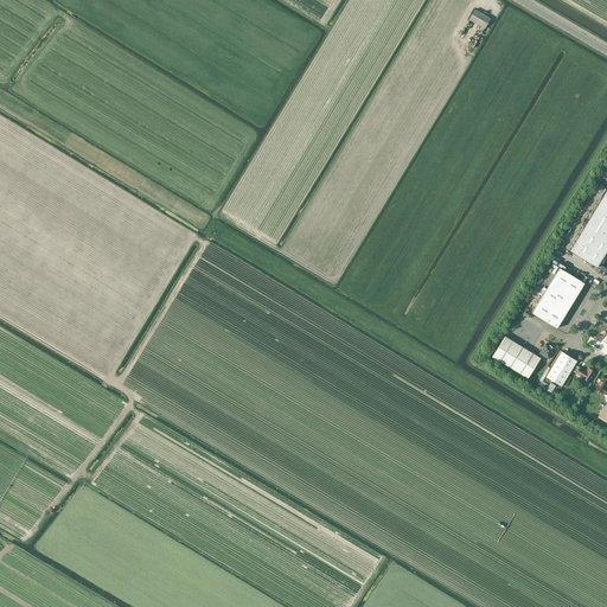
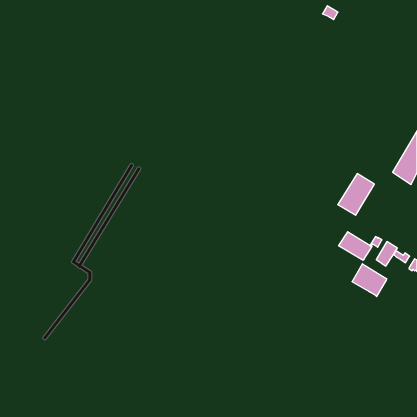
building: [531,268,584,328] -> [338,174,374,215]
building: none -> [352,264,387,297]

